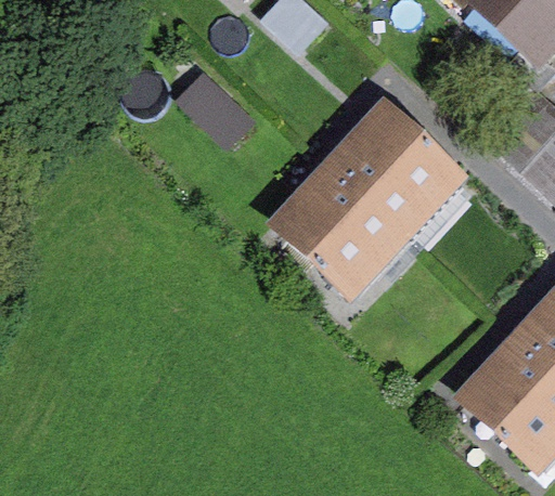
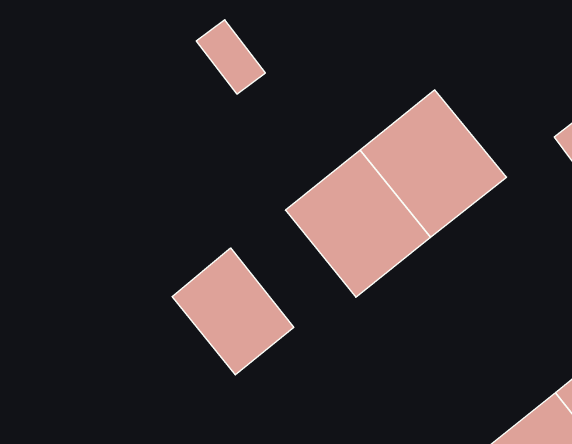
building: none -> [172,248,294,375]

